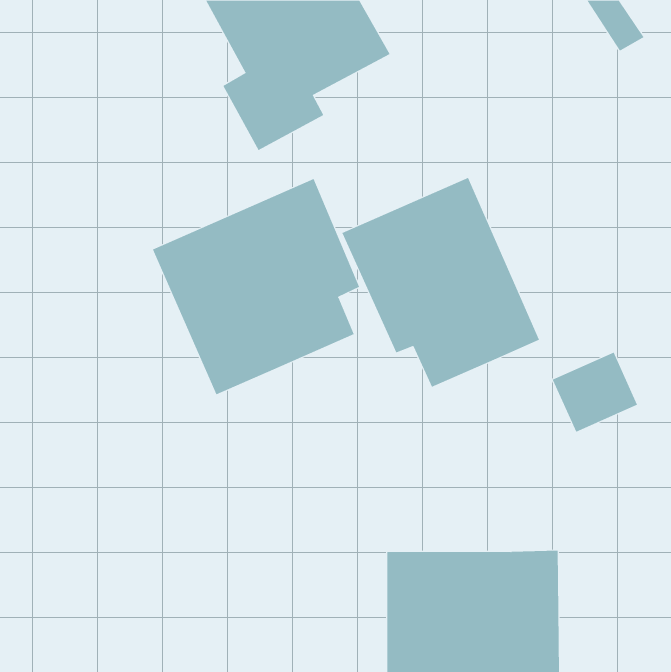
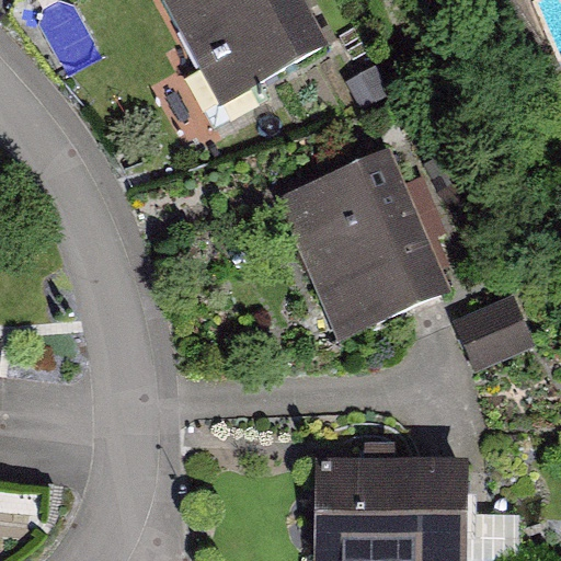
building: [152,178,360,395] -> none

